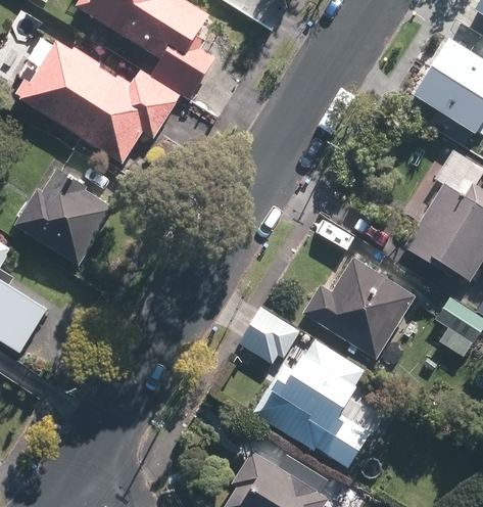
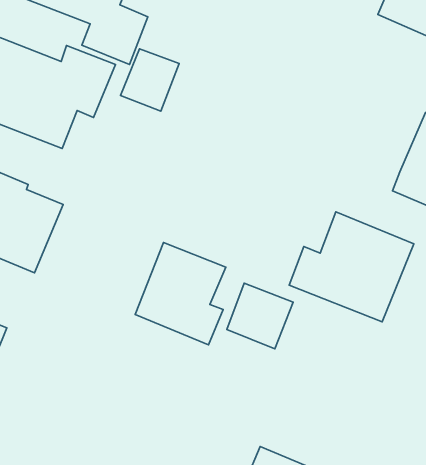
building: none -> [121,49,179,111]
building: none -> [135,243,226,345]
building: [253,337,369,468] -> none

